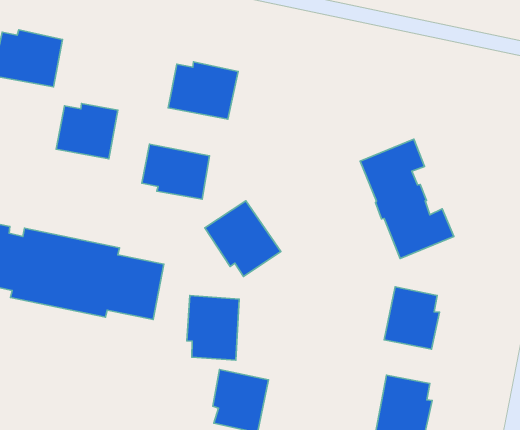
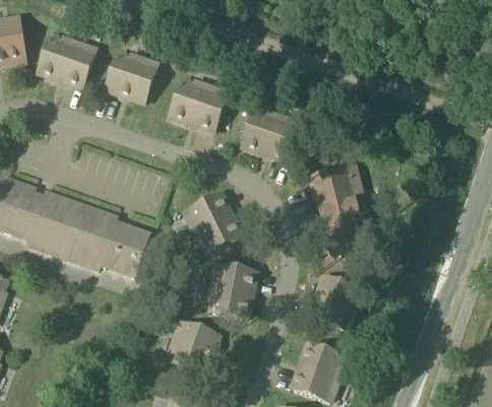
building: none -> [241,112,299,159]
building: [56,103,118,159] -> [105,55,157,100]
building: [142,144,209,199] -> none
building: [187,295,239,360] -> [209,263,254,318]

